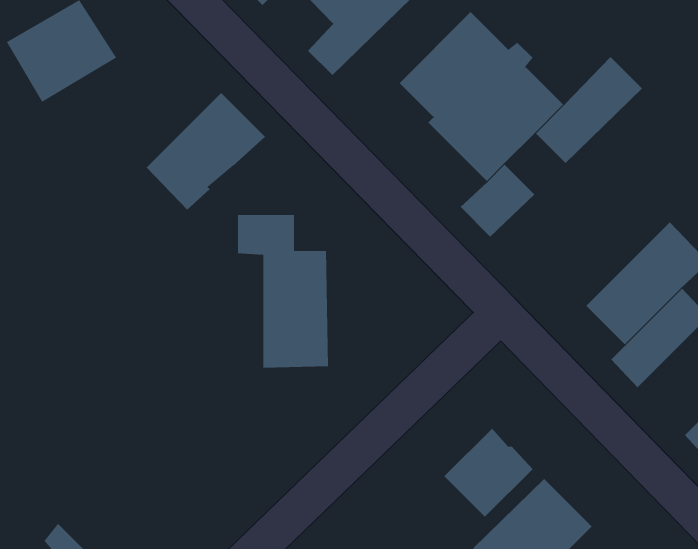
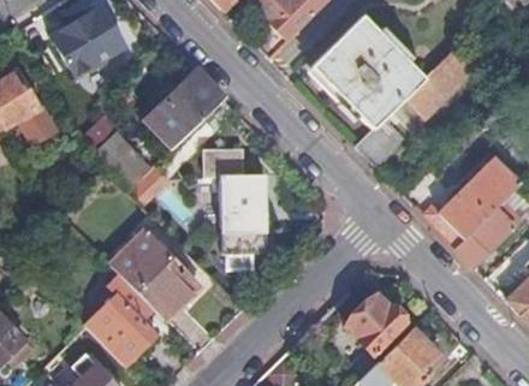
building: none -> [94,130,150,190]
building: none -> [112,230,201,321]
building: none -> [83,292,156,366]

